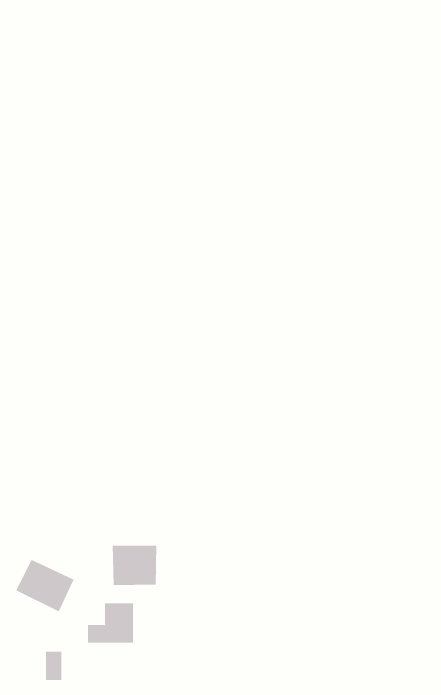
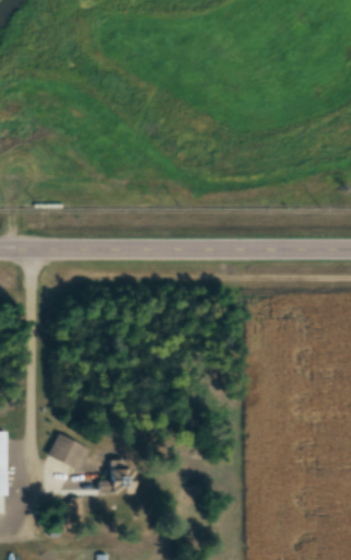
building: [112,545,157,586] -> none

